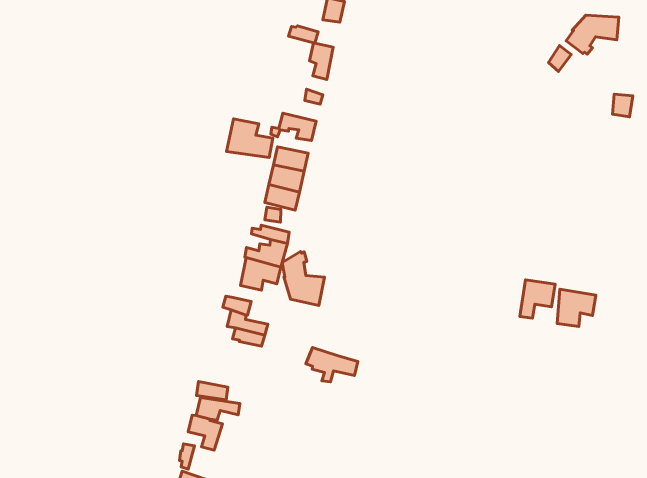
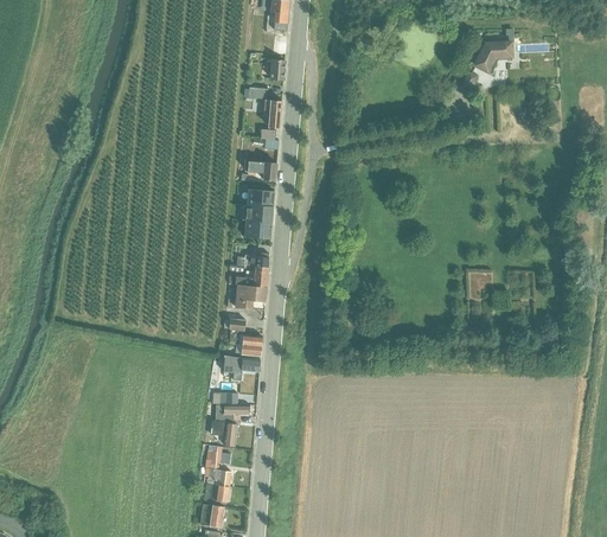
building: [227,119,273,158] -> none
building: [282,251,325,306] -> none
building: [557,289,596,326] -> none
building: [306,348,358,382] -> [217,353,260,379]

